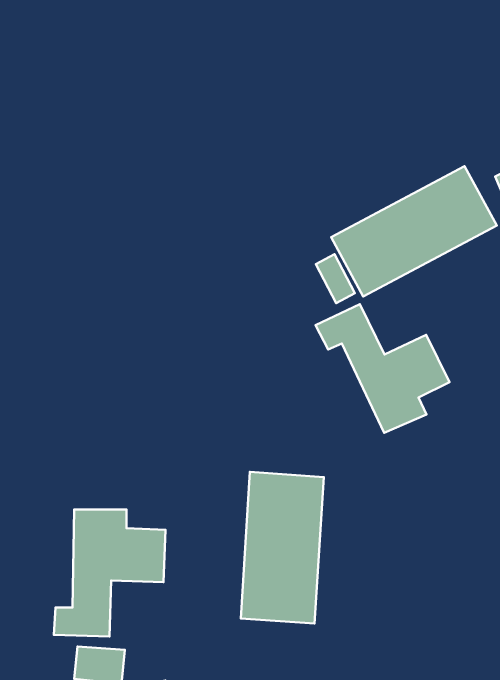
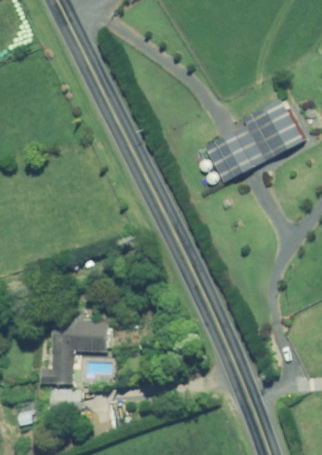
building: [316,304,449,433] -> none
building: [241,472,324,624] -> none

